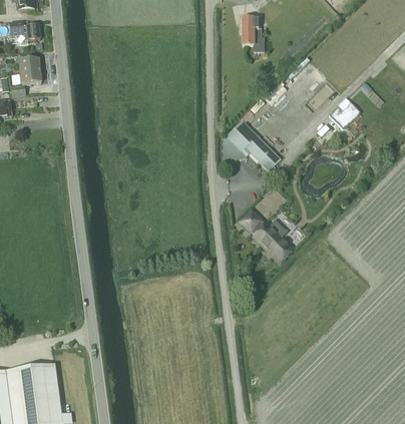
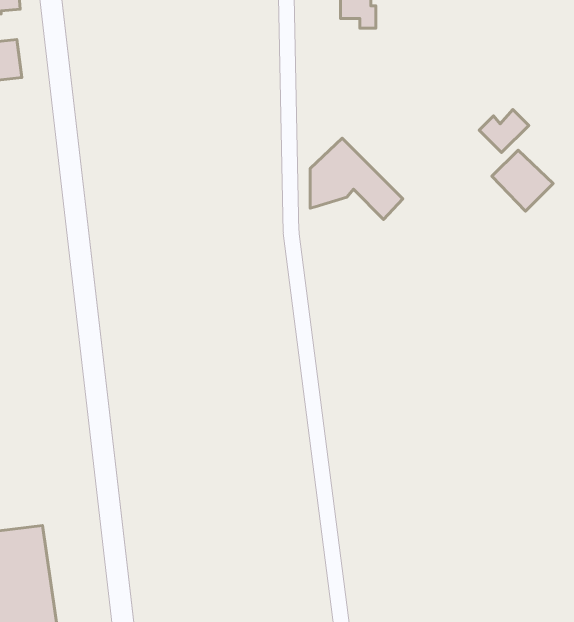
building: none -> [492,150,553,211]
building: [242,209,294,260] -> none

